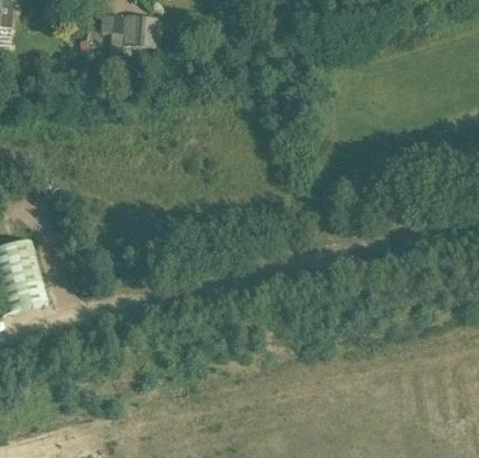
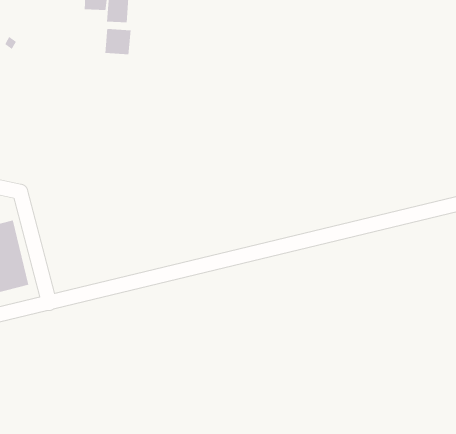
building: none -> [105,28,131,55]

